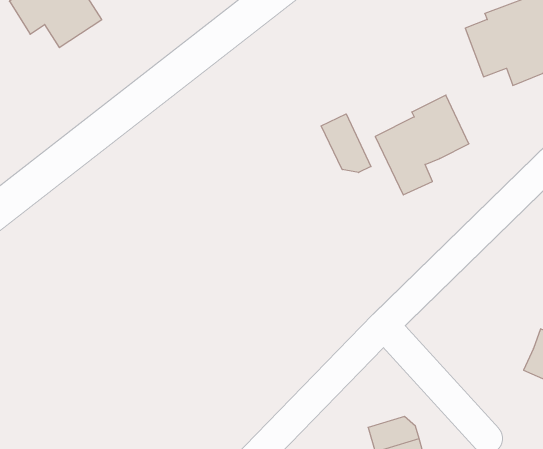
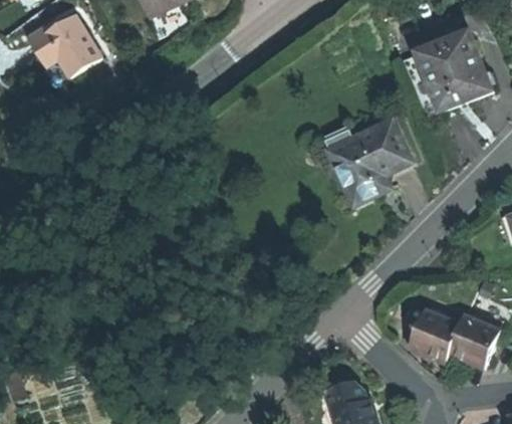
building: [321,114,371,173] -> none
building: none -> [412,311,460,361]

